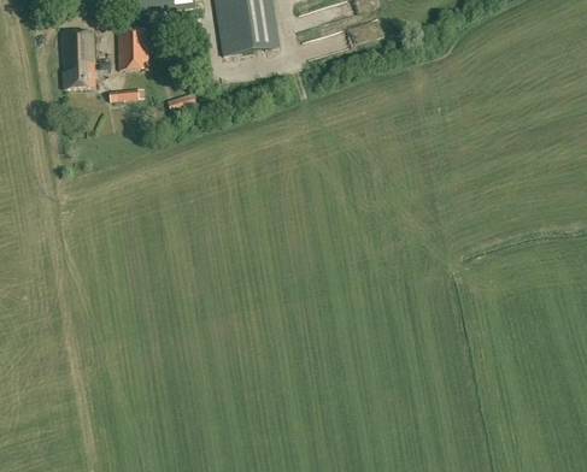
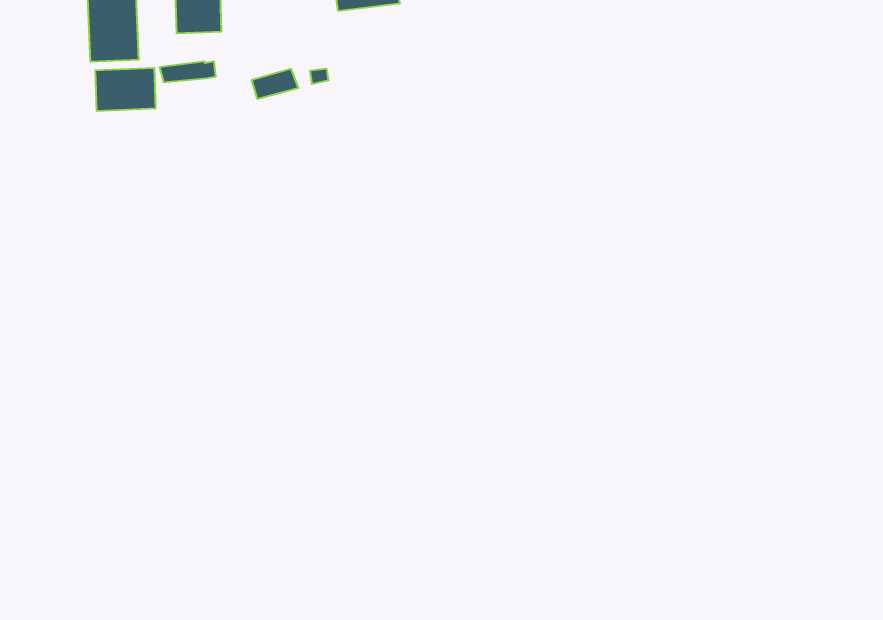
building: none -> [95,68,155,111]

